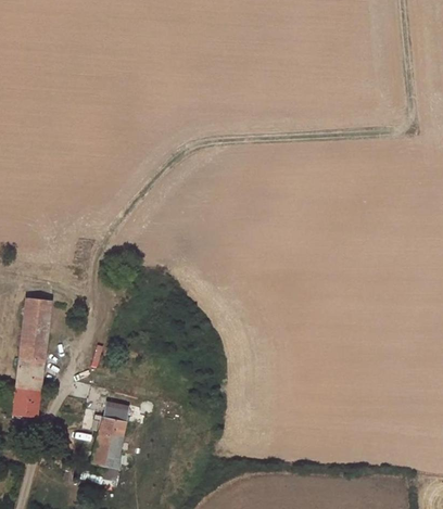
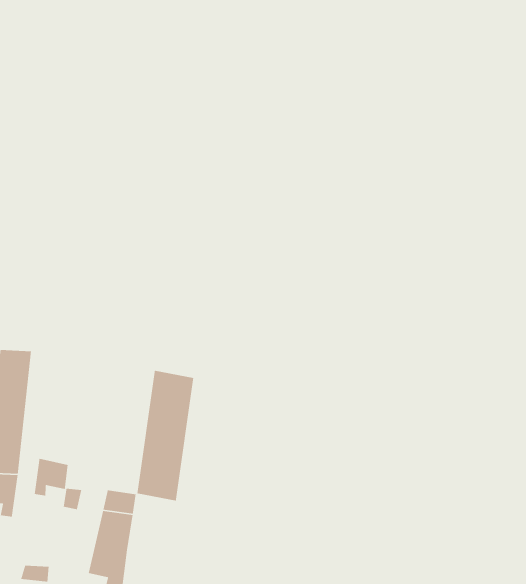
building: none -> [136,370,194,502]
building: none -> [34,458,69,496]

